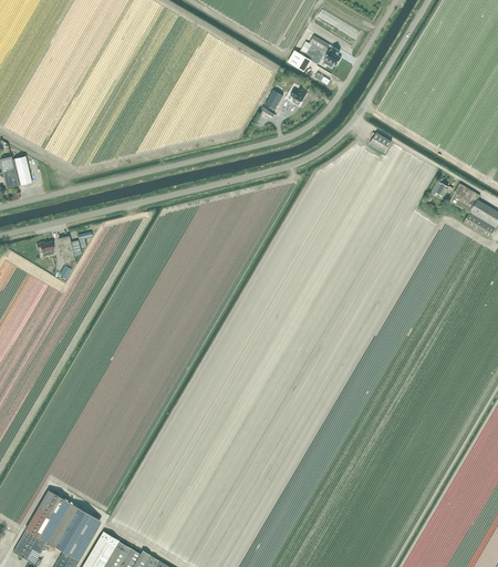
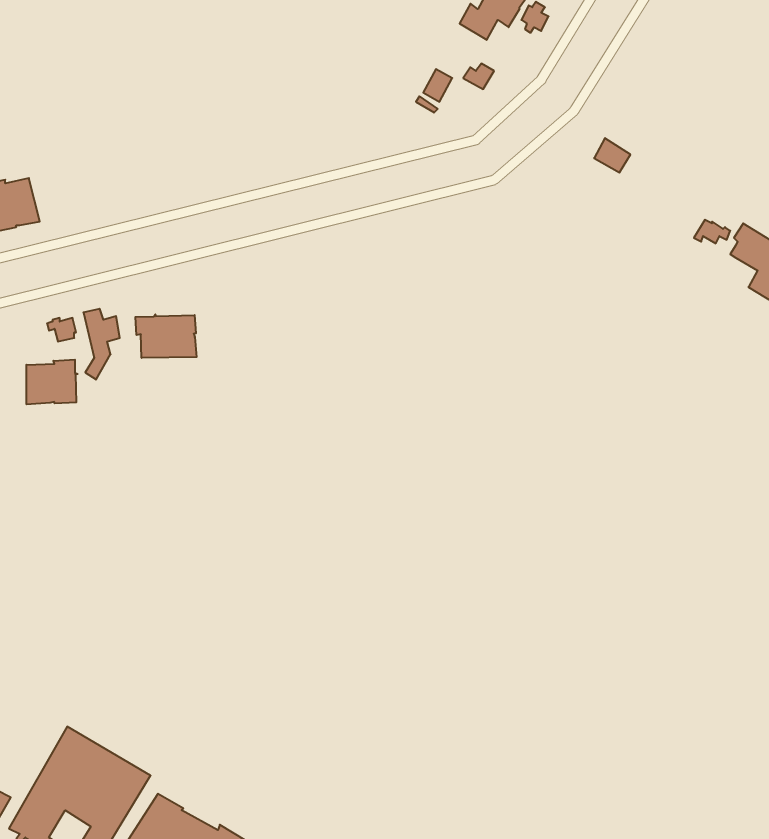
building: none -> [135,314,197,358]
building: none -> [26,360,78,404]

